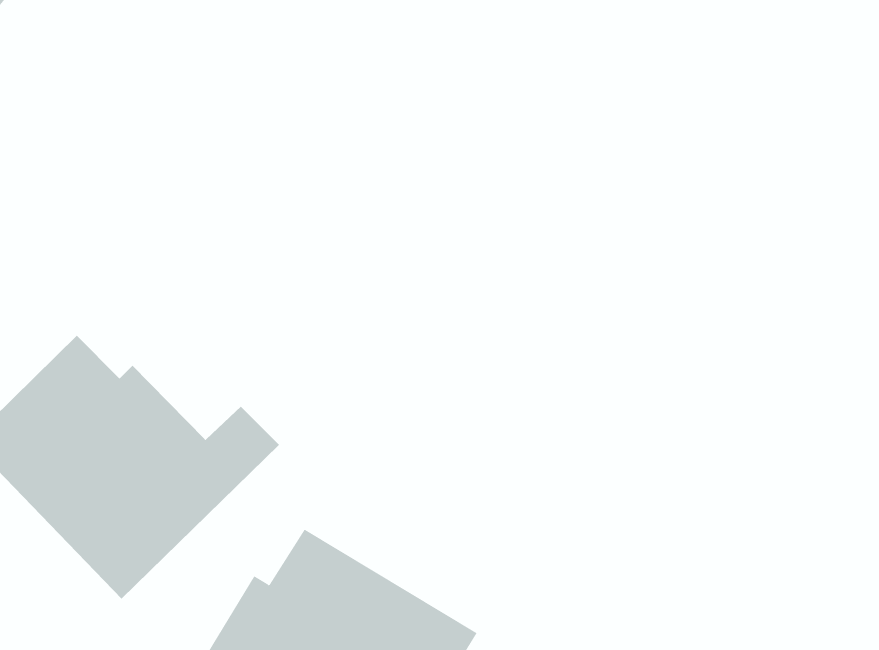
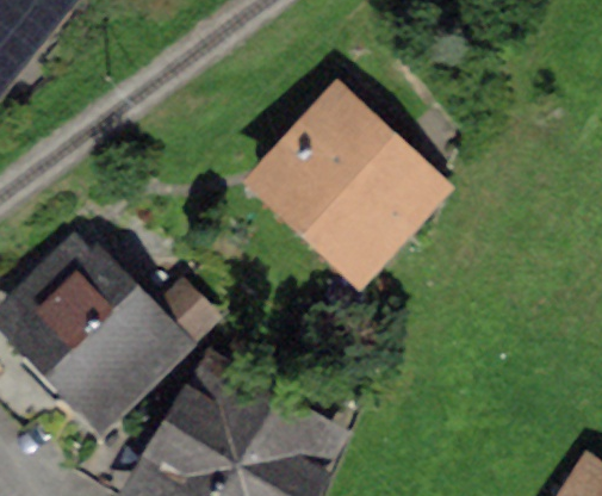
building: none -> [259,108,415,265]

